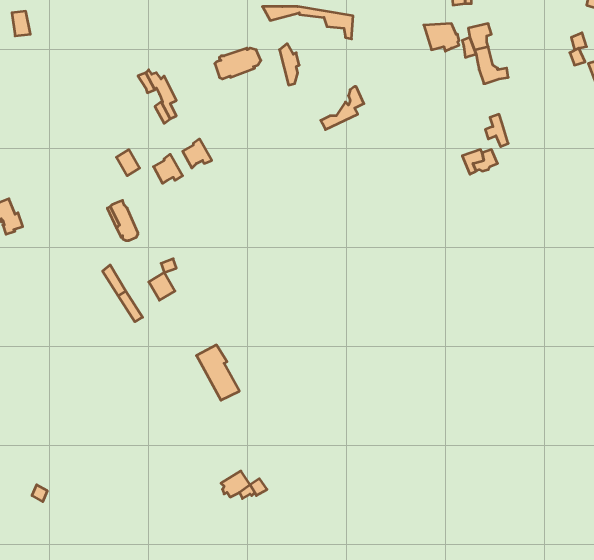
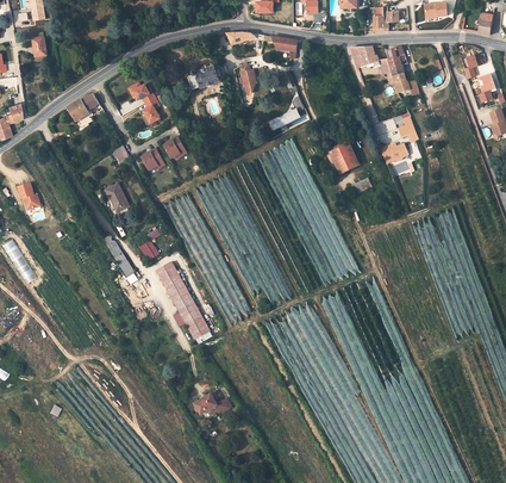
building: none -> [68,92,98,128]
building: none -> [330,140,358,174]
building: none -> [157,262,190,304]

